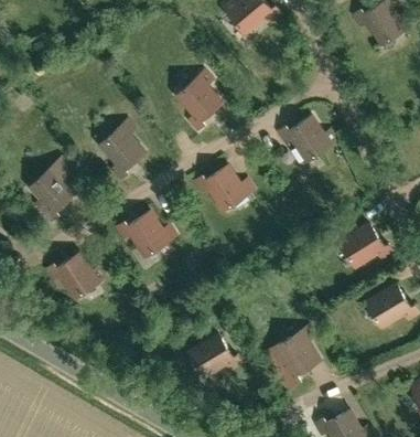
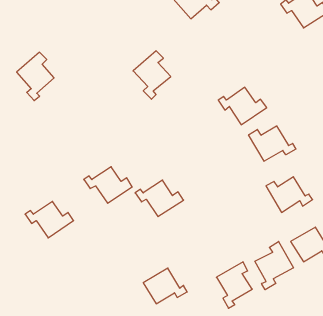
building: [98,120,143,179] -> [17,52,54,101]
building: [29,162,74,221] -> none
building: none -> [249,126,296,161]
building: [194,166,252,210] -> [135,180,184,217]
building: none -> [255,241,293,290]

